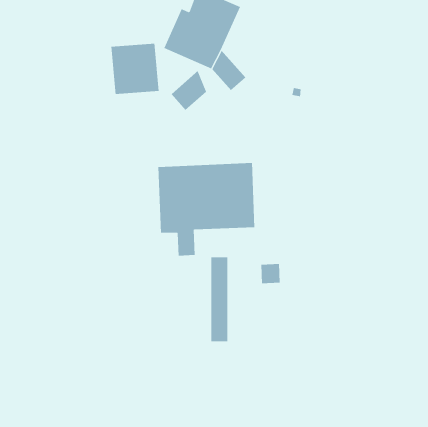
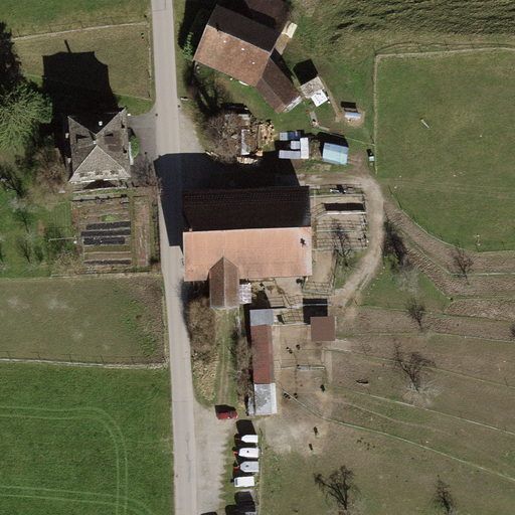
building: [111,43,159,95] -> [65,118,124,179]
building: [171,70,207,111] -> none

